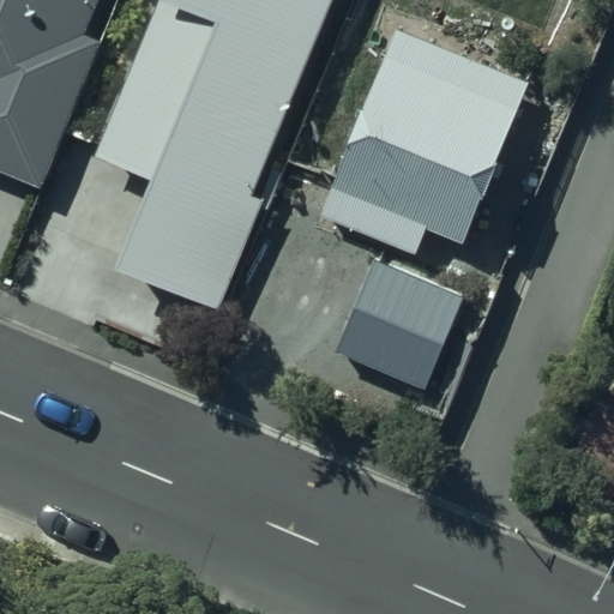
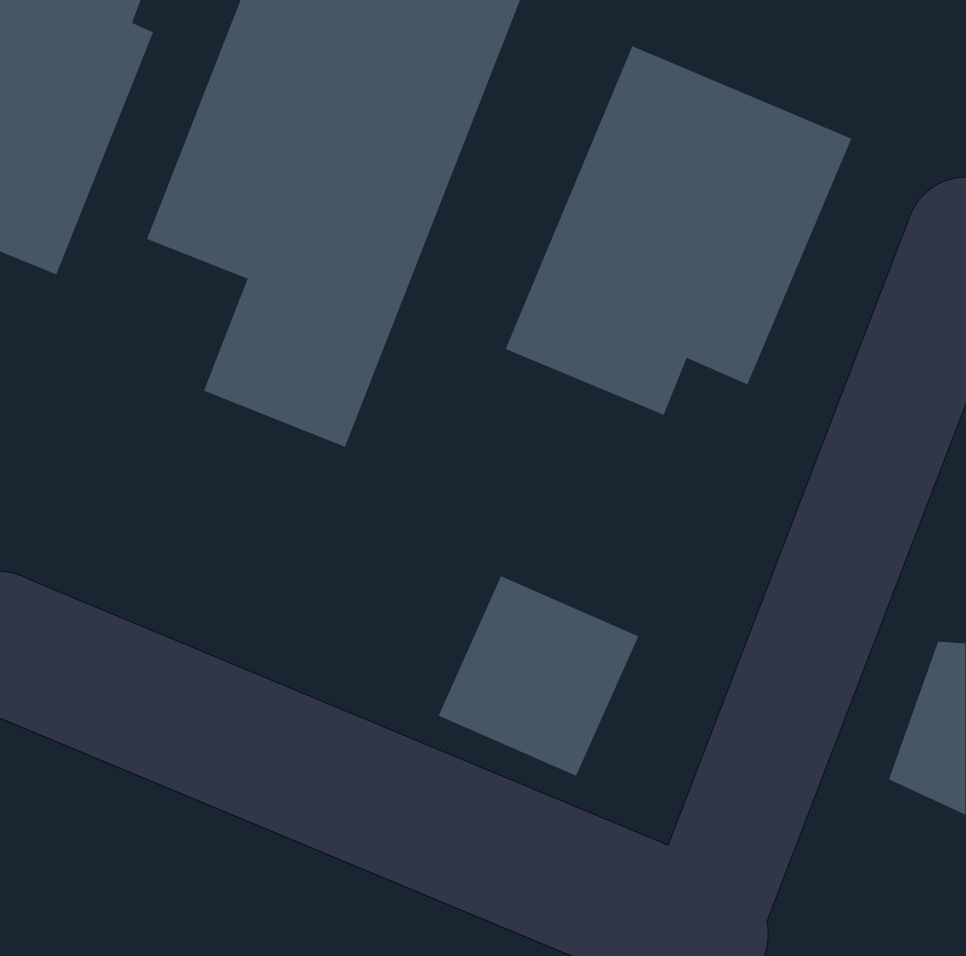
building: [338,263,465,390] -> [438,575,639,776]

